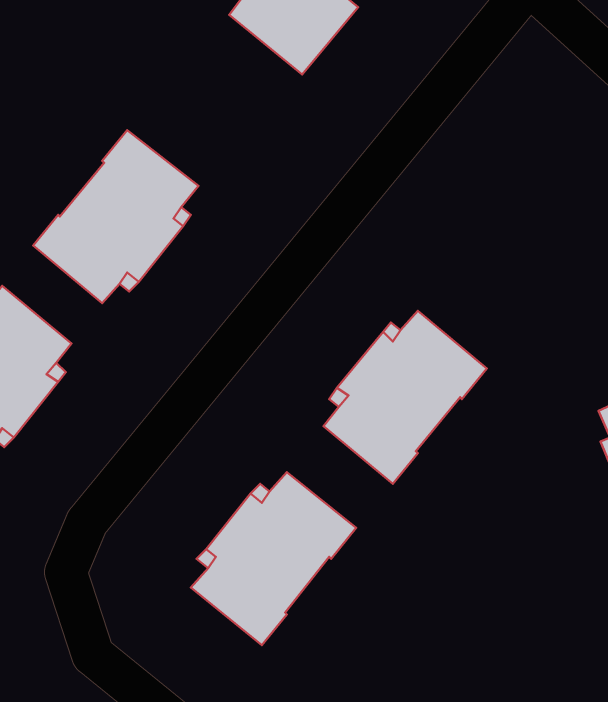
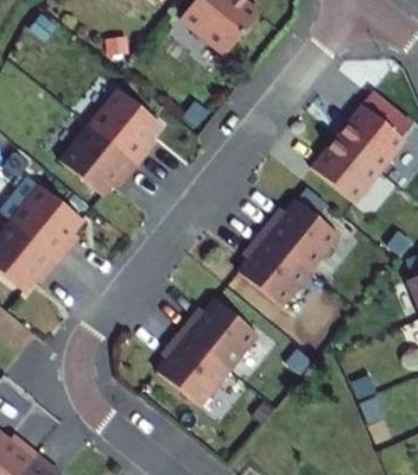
building: none -> [309,103,404,202]

